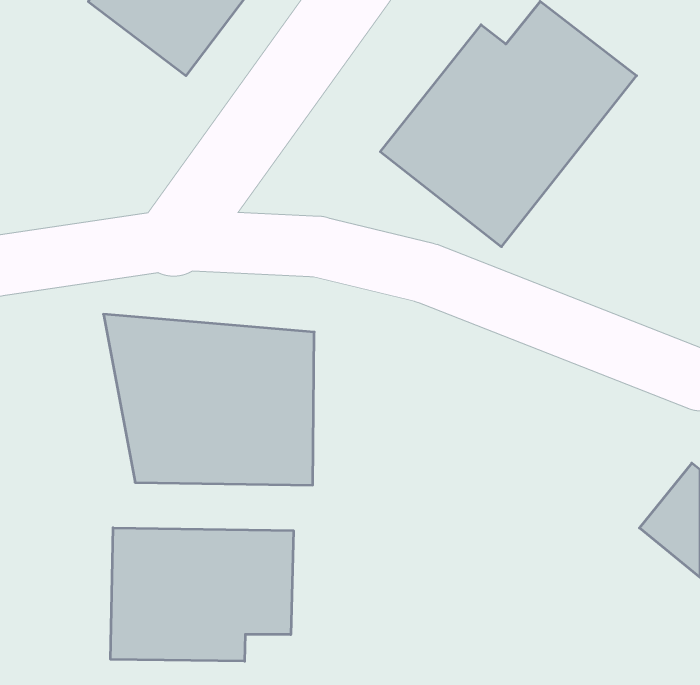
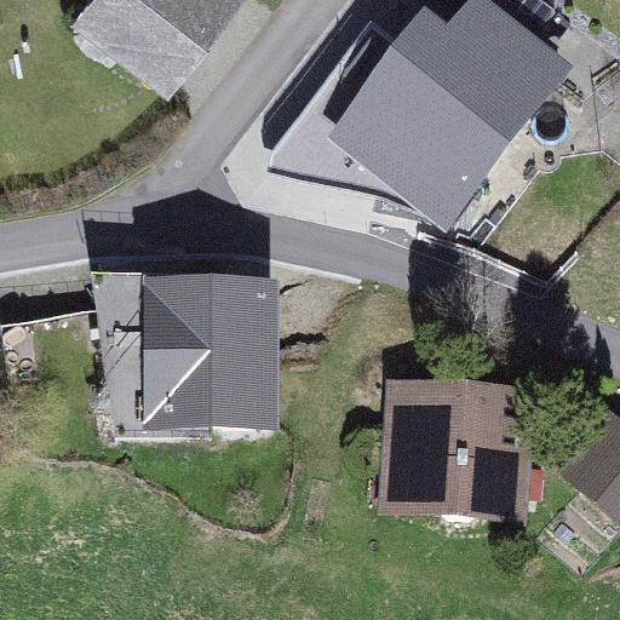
building: none -> [394,390,540,516]
building: [111,528,293,661] -> none

